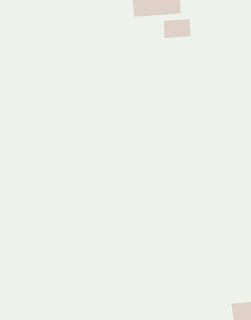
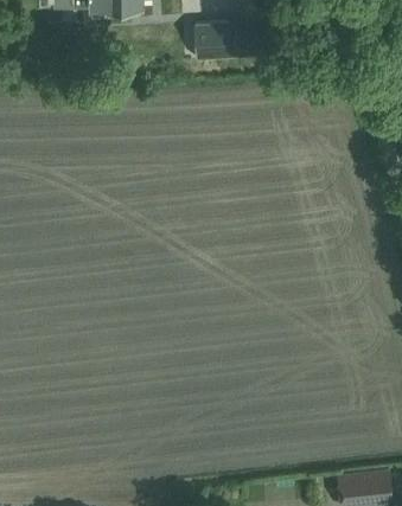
building: [164,18,191,39] -> none

